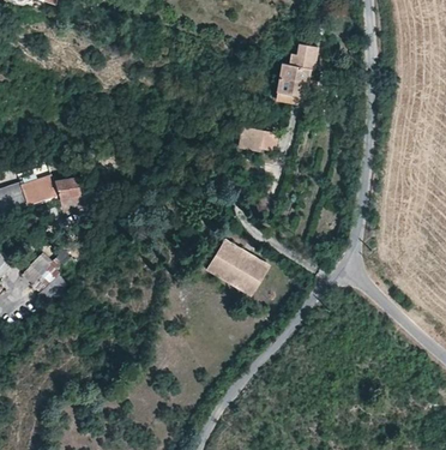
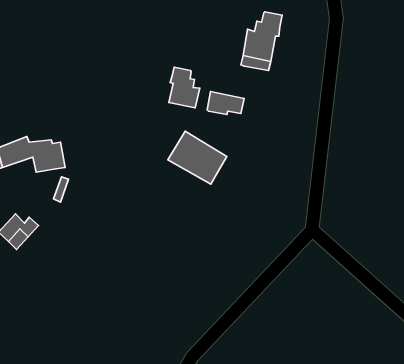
building: none -> [169,67,200,108]
building: [206,239,267,294] -> [168,131,227,184]

